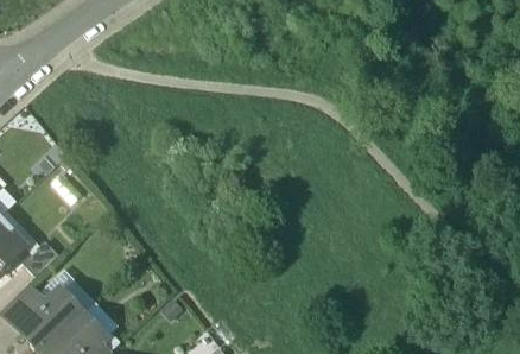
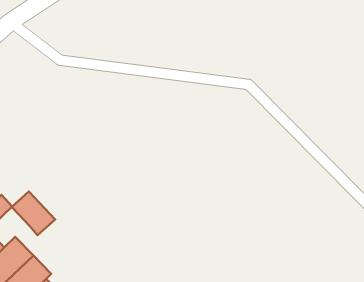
building: none -> [11,192,55,235]

